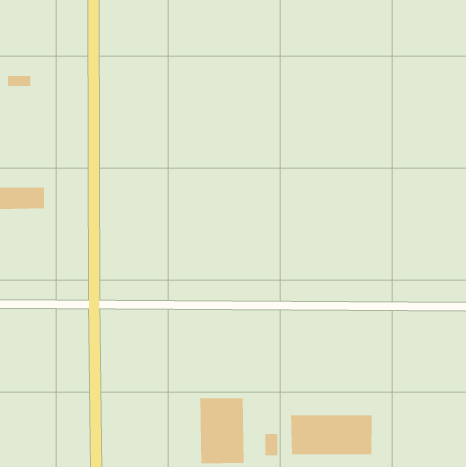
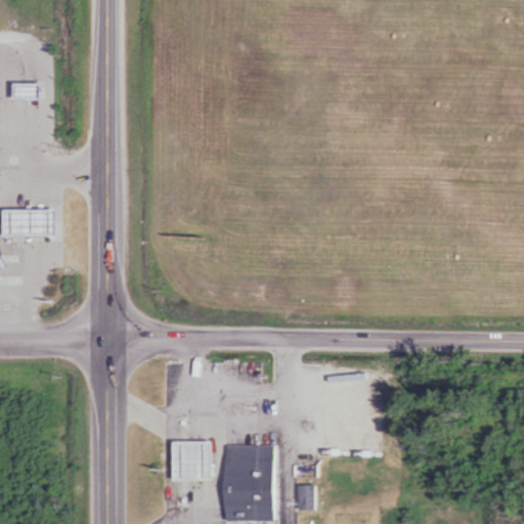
building: none -> [169,443,209,482]
building: [290,414,373,455] -> none

